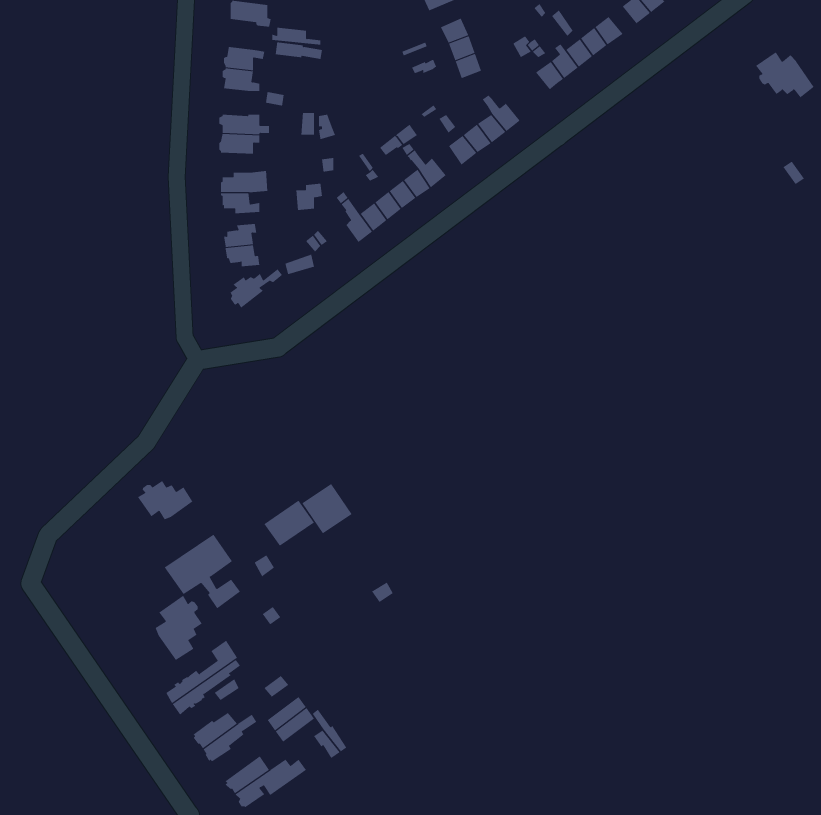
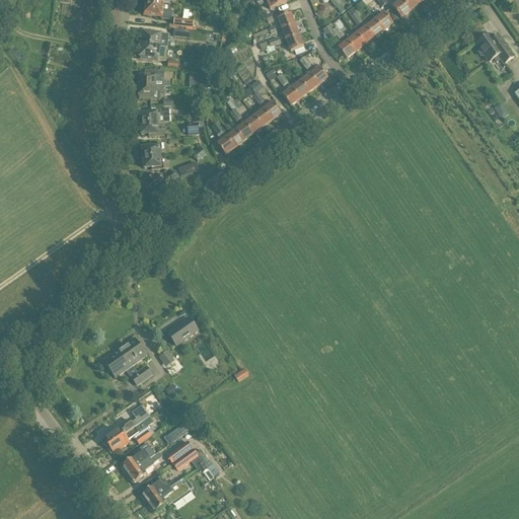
building: [137,480,193,520] -> none
building: [302,483,352,534] -> none
building: [155,595,202,661] -> none

